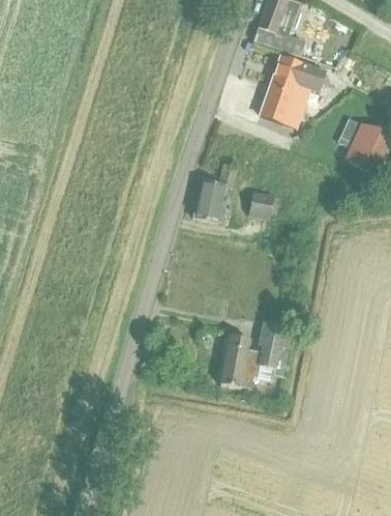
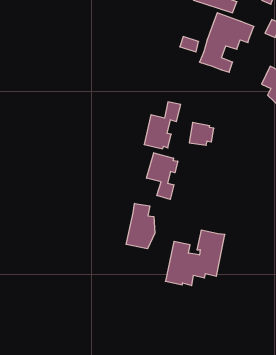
building: none -> [147,153,178,199]
building: none -> [126,203,155,249]

